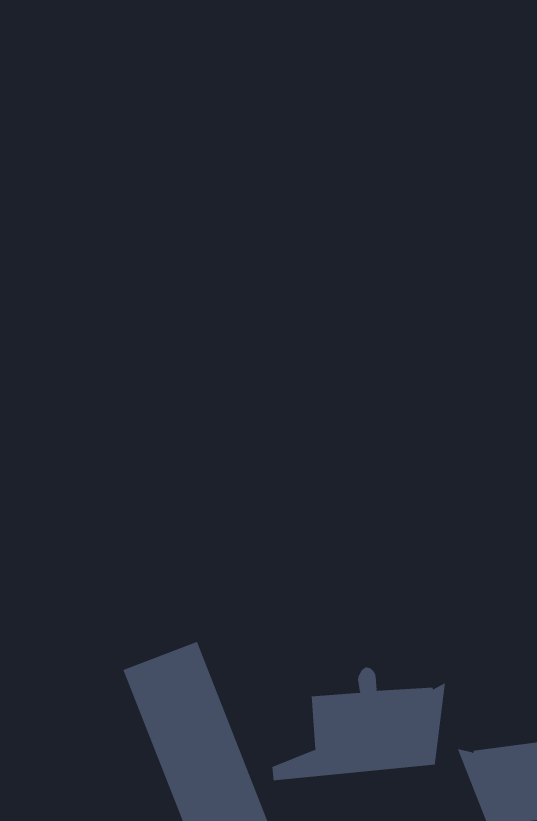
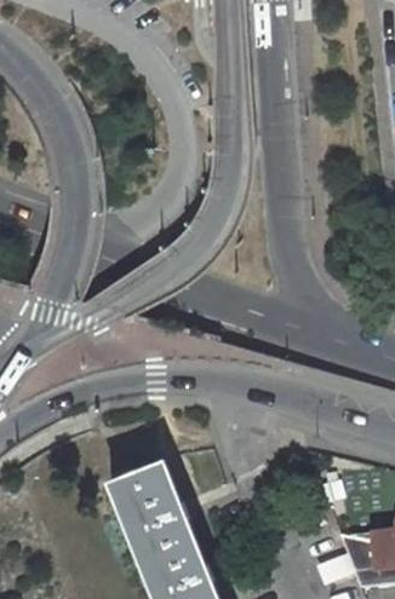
building: [272,667,445,781] -> none

